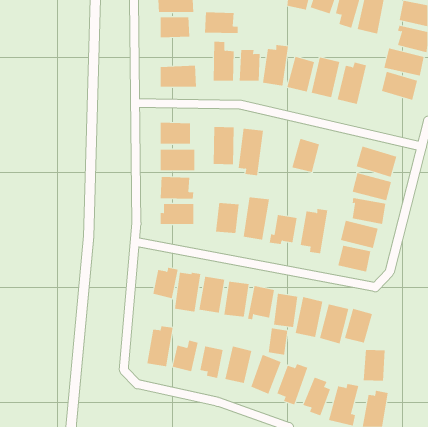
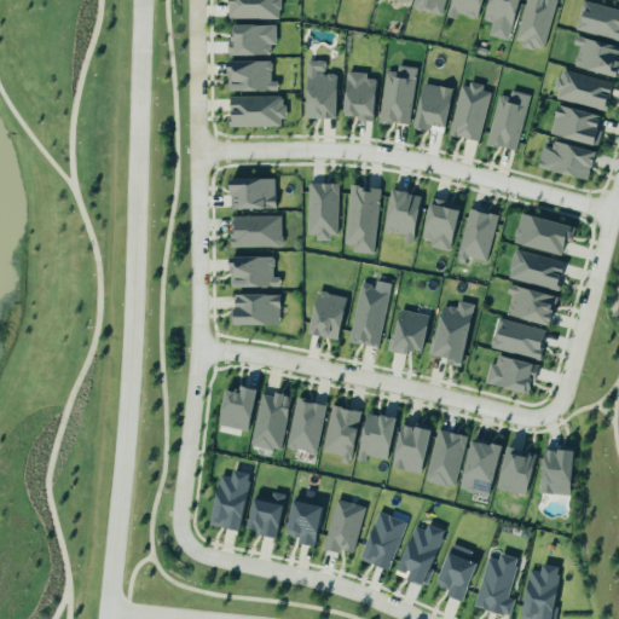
building: [204,12,239,34] -> [228,59,278,91]
building: none -> [537,140,596,179]
building: none -> [386,190,421,243]
building: none -> [458,208,497,262]
building: [268,328,288,356] -> none
building: [363,349,385,381] -> [542,449,574,494]

